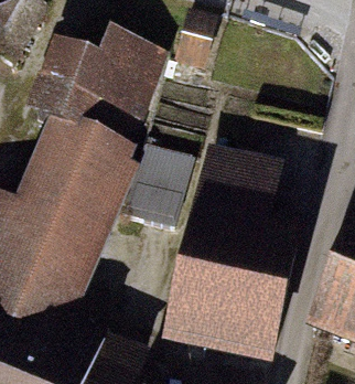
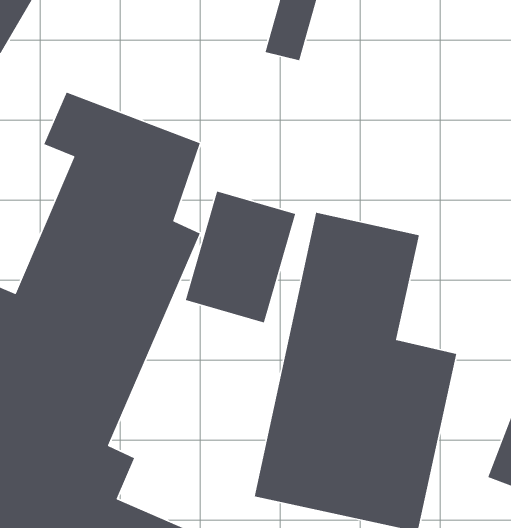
building: [45,47,152,127] -> none

